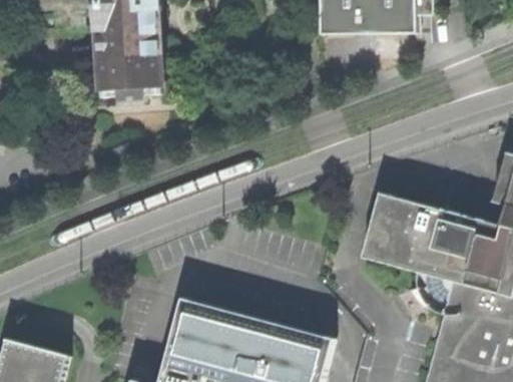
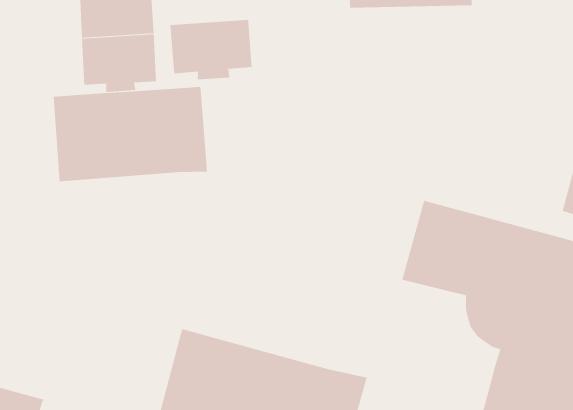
building: none -> [170,19,252,80]
building: none -> [53,86,208,182]

